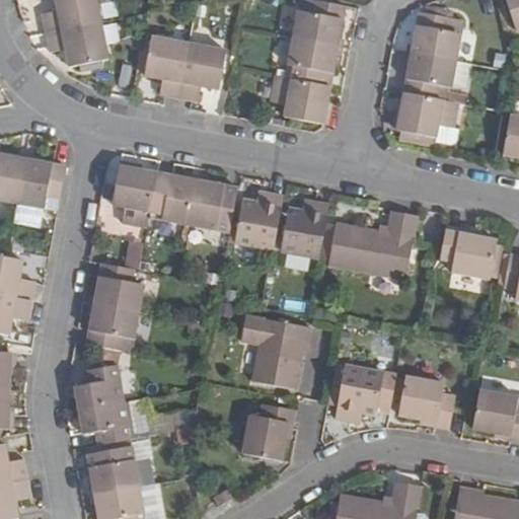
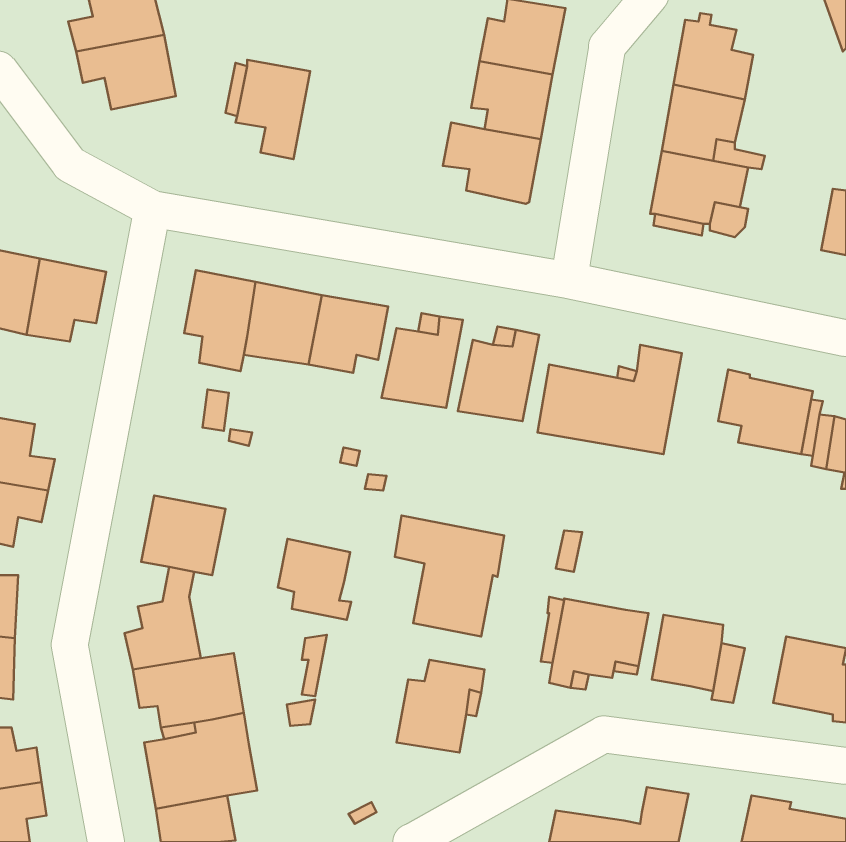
building: [179,44,225,100] -> none
building: [94,263,143,311] -> none
building: none -> [278,539,351,620]

